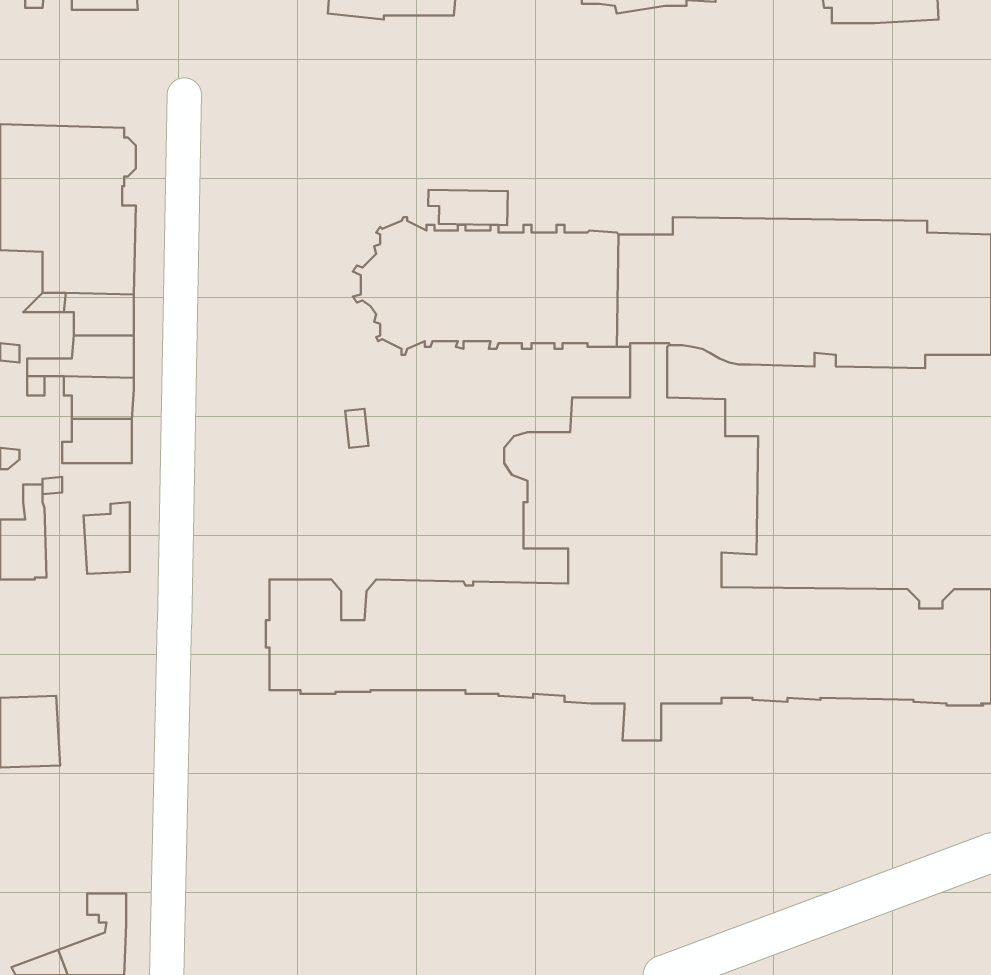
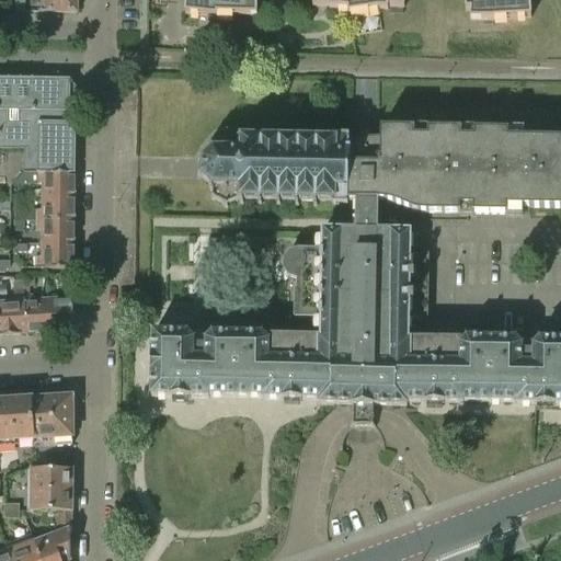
building: [428,190,508,225] -> none
building: none -> [25,287,49,327]
building: none -> [32,390,72,439]
building: none -> [32,462,72,505]

